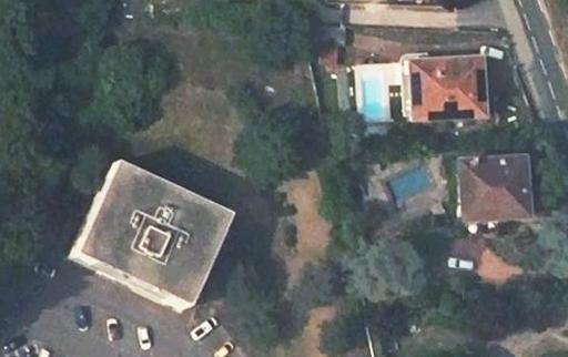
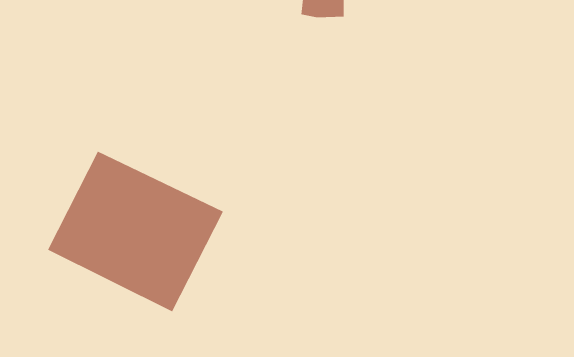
building: [413,55,493,115] -> none
building: [463,156,525,232] -> none

